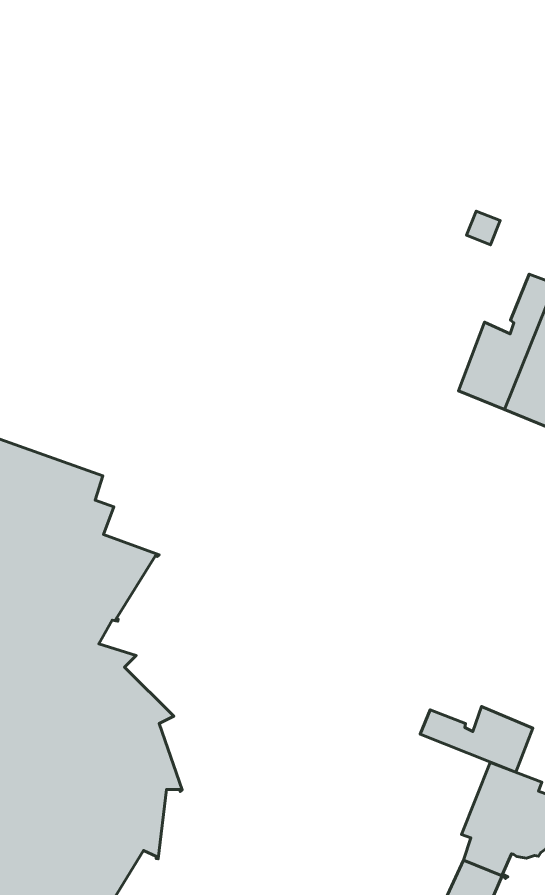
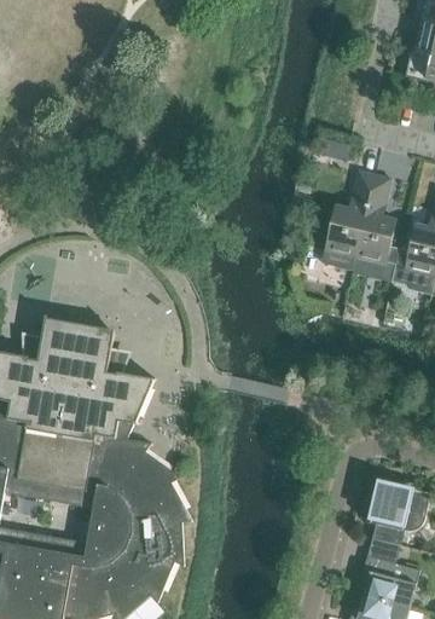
building: [420,706,533,772] -> none

